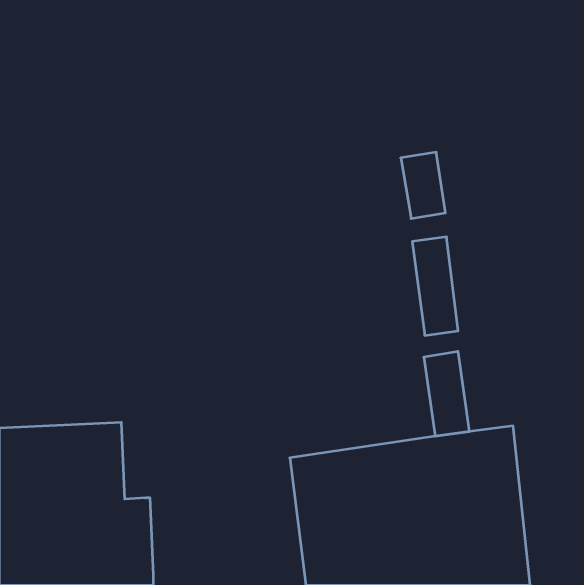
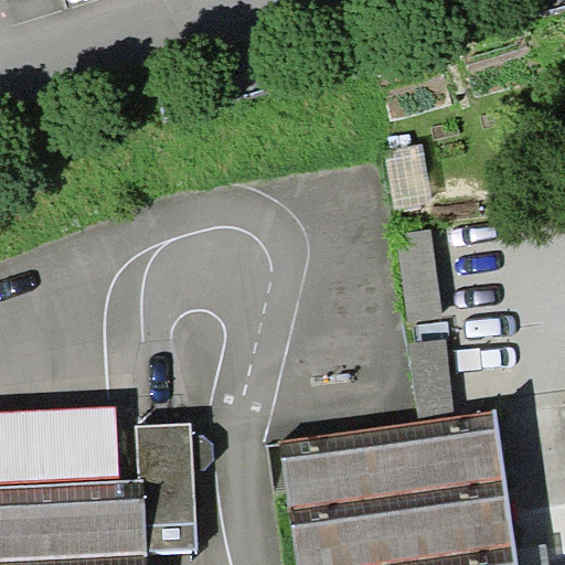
building: none -> [137,425,199,554]

